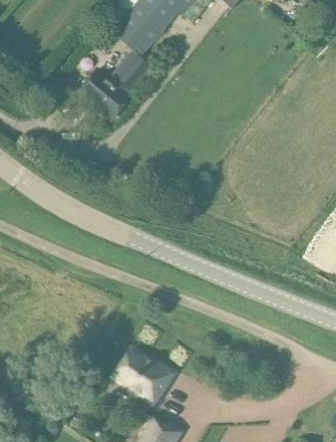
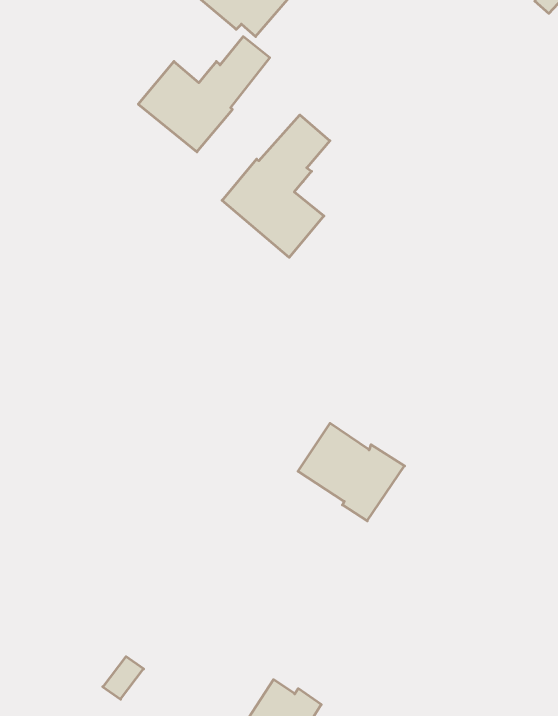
building: none -> [222,115,330,257]
building: [116,346,177,401] -> [298,423,405,521]

